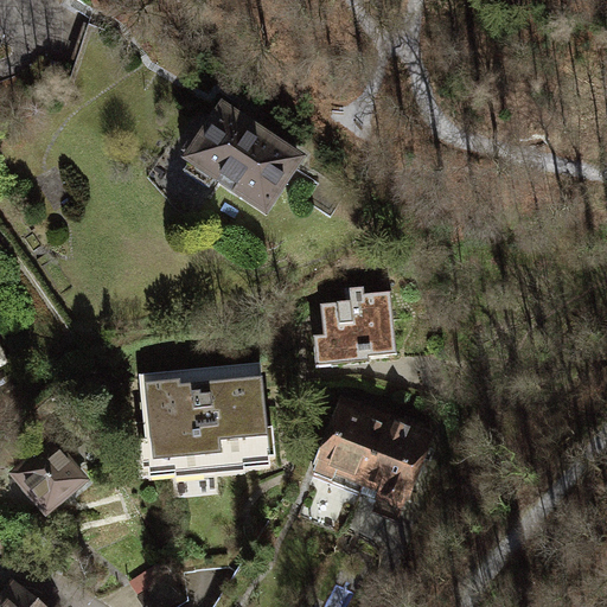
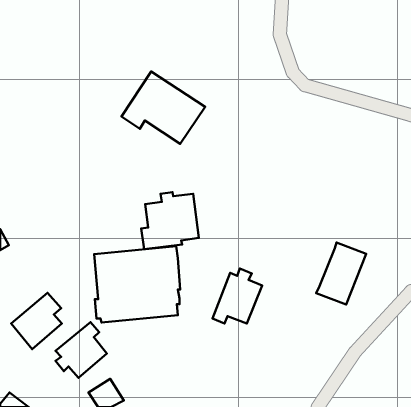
building: [313,287,398,371] -> [141,192,199,249]
building: [359,413,433,504] -> [316,243,366,305]
building: none -> [55,322,107,378]

